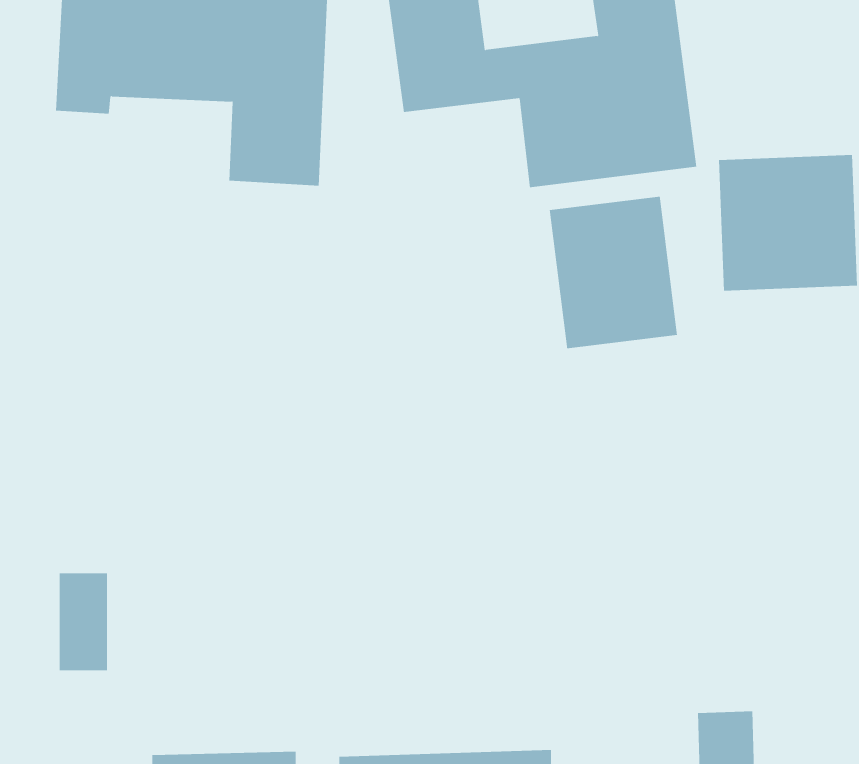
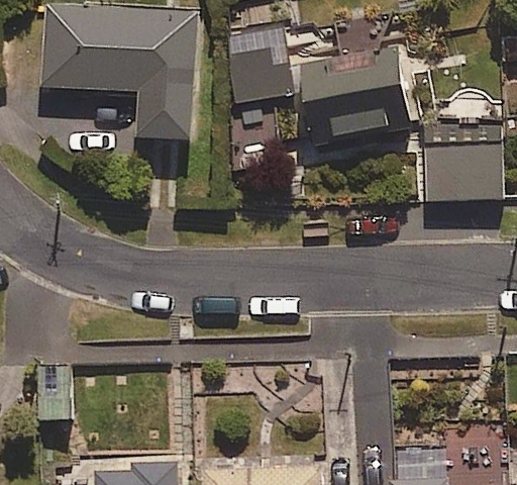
building: [549,196,678,349] -> none

